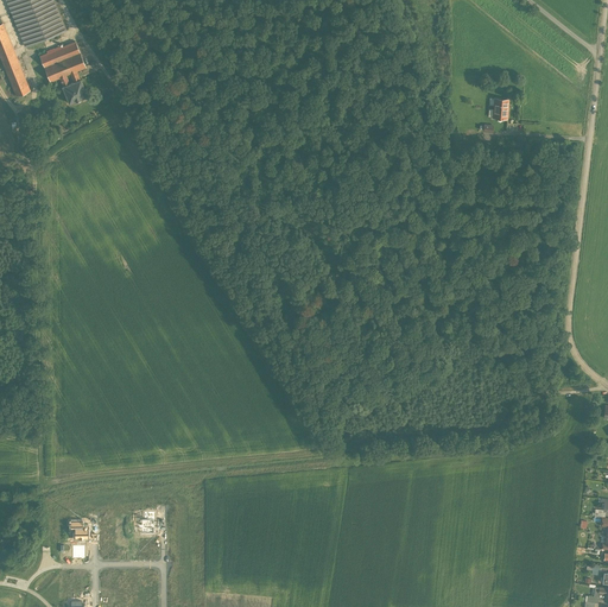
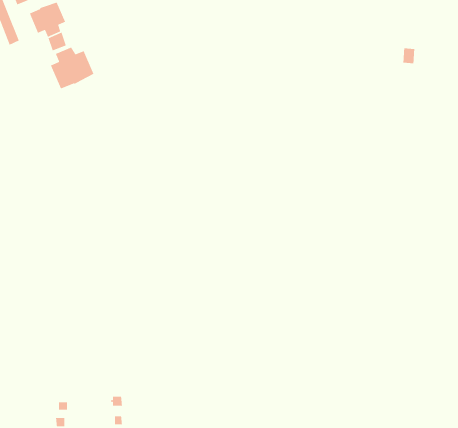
building: none -> [50,46,95,89]

